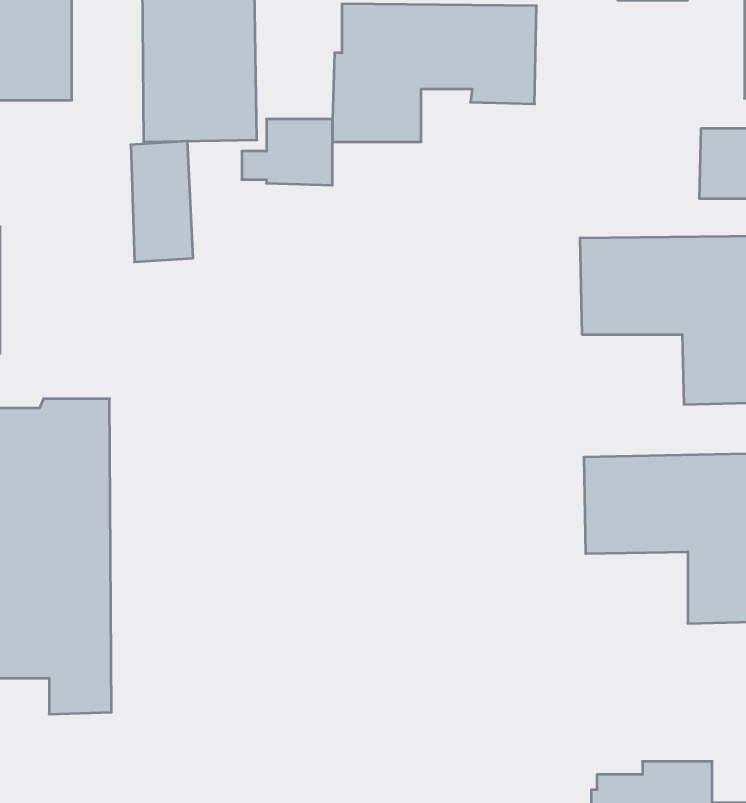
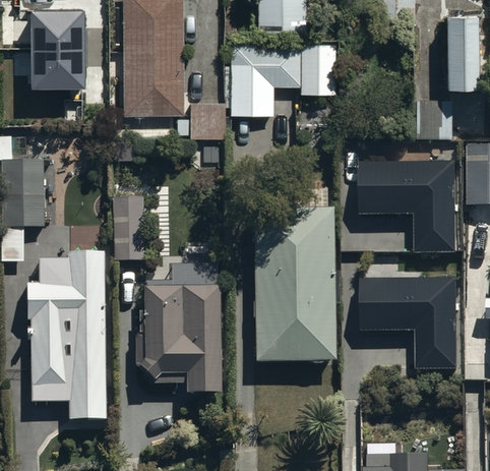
building: [131,141,193,262] -> [112,195,145,260]
building: none -> [253,205,334,357]
building: none -> [134,261,220,391]

